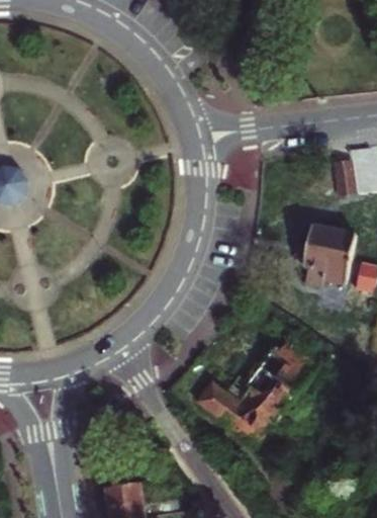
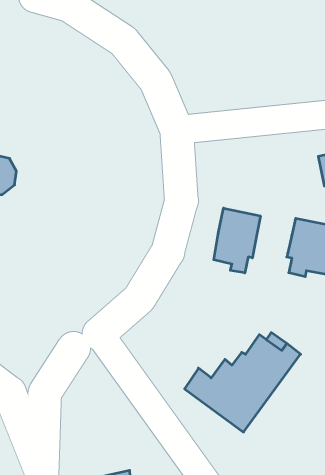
building: none -> [214,208,260,273]

